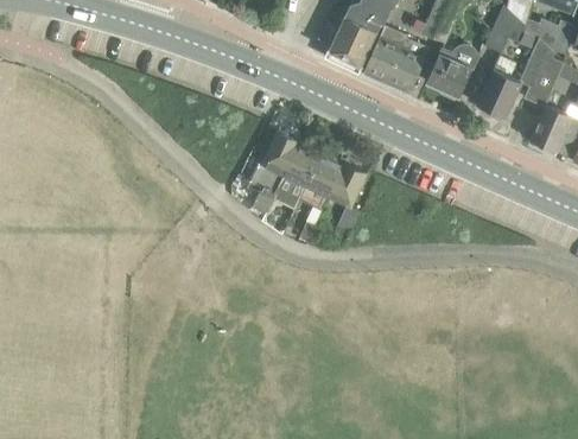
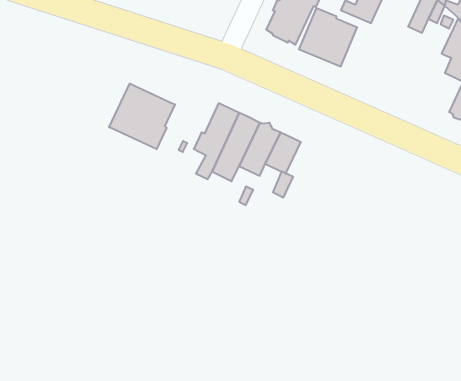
building: [426,42,478,100] -> none
building: [477,56,521,117] -> none
building: none -> [109,83,175,149]

